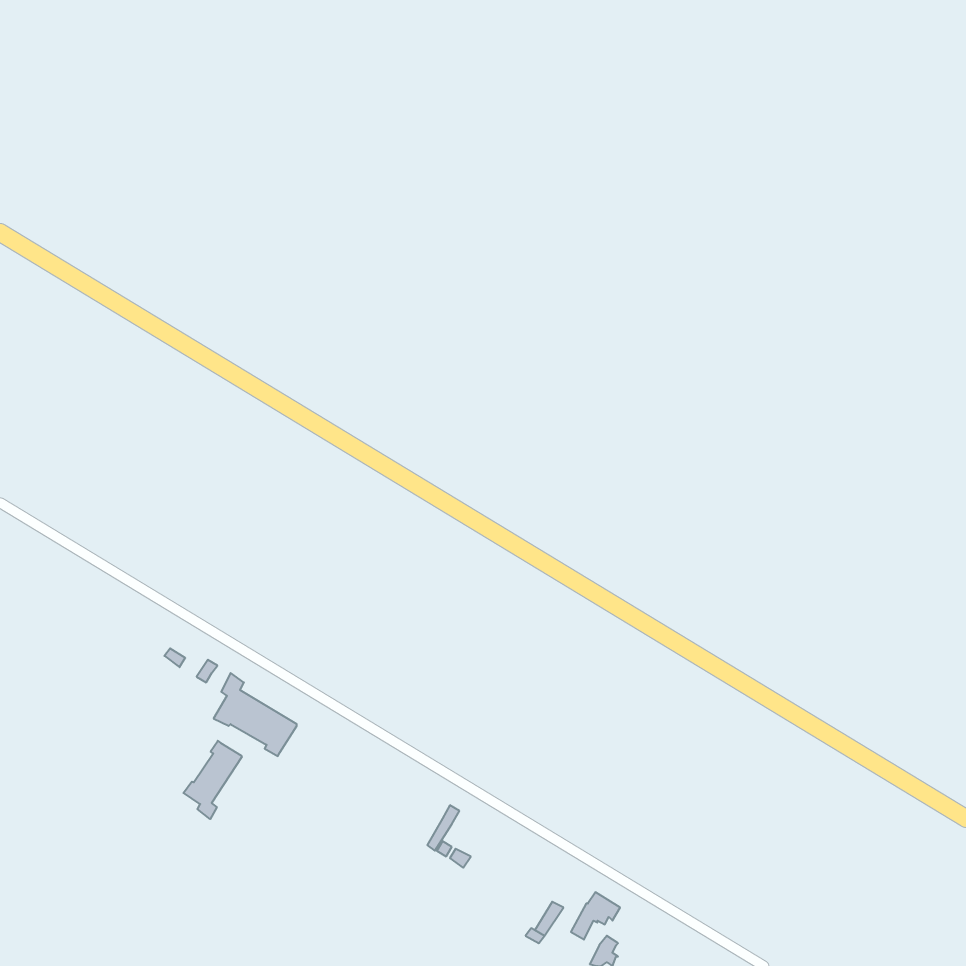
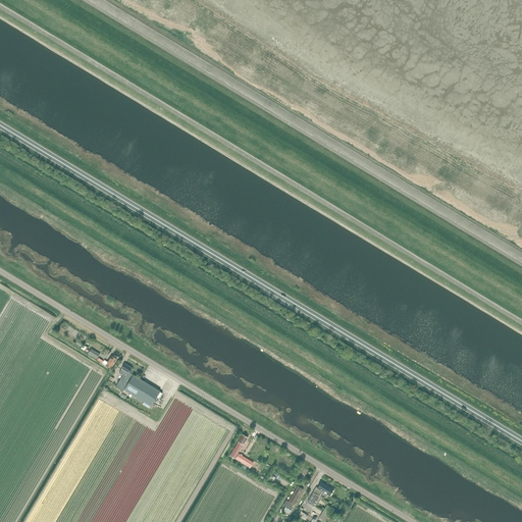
building: [183,741,242,819] -> none

